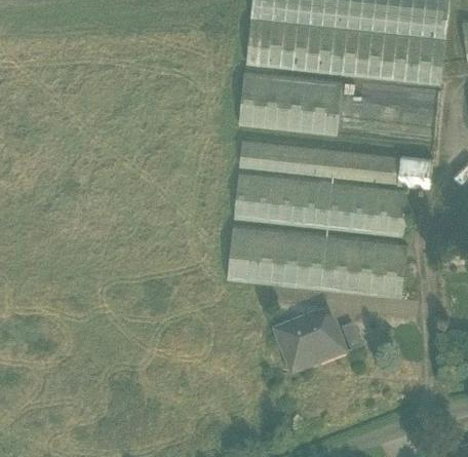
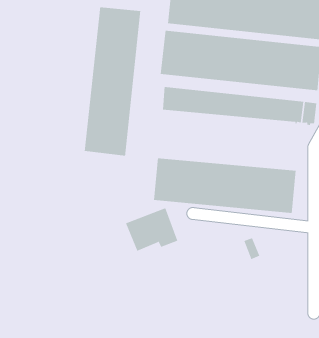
building: none -> [84,6,141,156]
building: [235,172,412,235] -> none
building: [278,312,344,367] -> [125,208,178,252]

